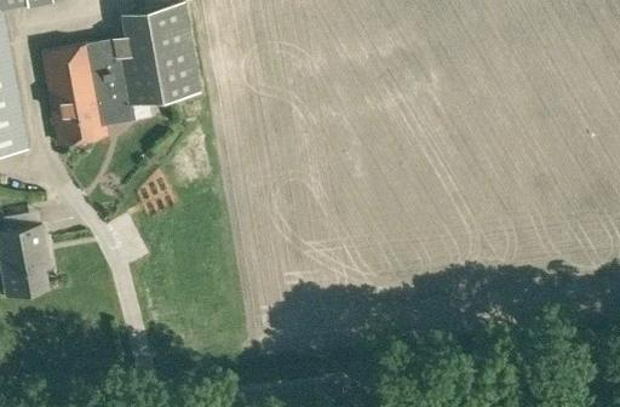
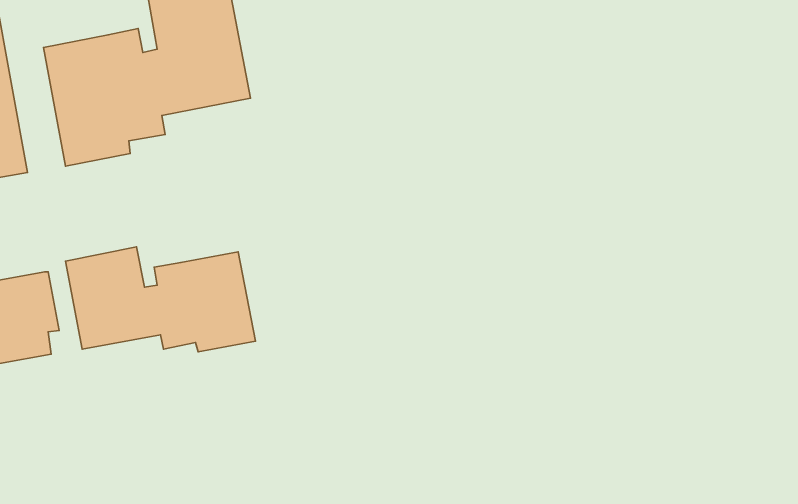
building: none -> [65,247,255,352]

